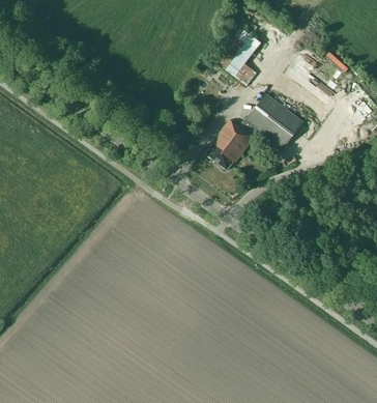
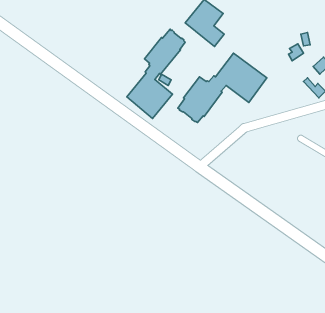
building: none -> [127,29,185,118]

